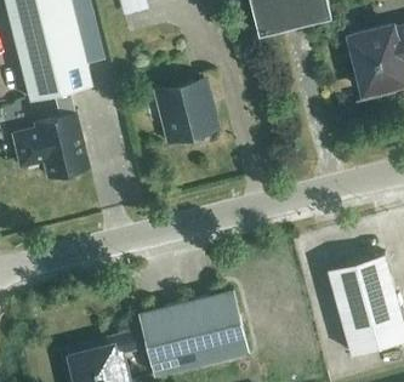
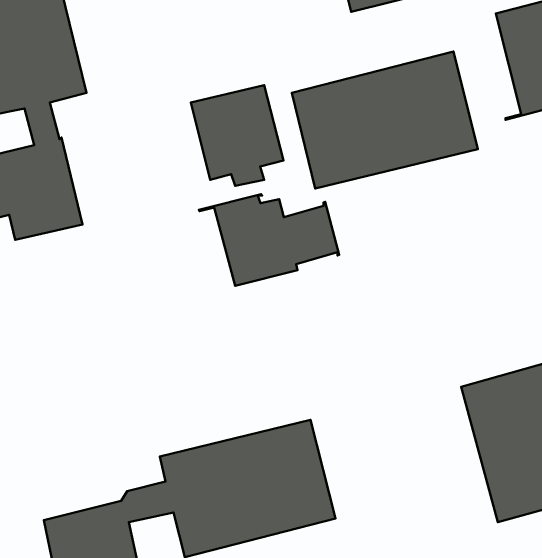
building: none -> [292,52,478,188]
building: none -> [199,194,339,286]

